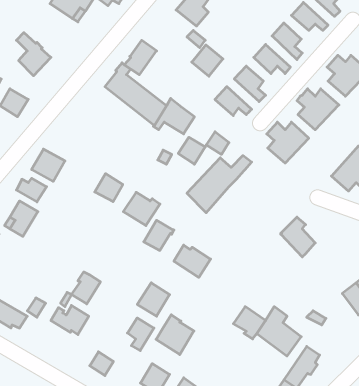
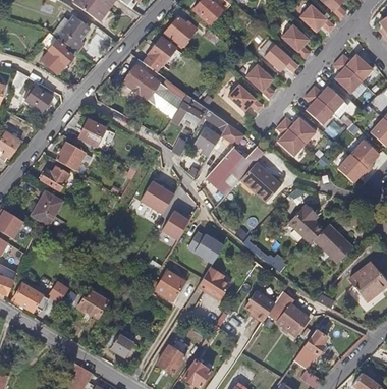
building: none -> [59,18,91,53]
building: [192,45,223,76] -> [164,16,194,46]
building: none -> [241,161,281,197]
building: [95,174,123,202] -> [79,119,106,146]
building: none -> [314,224,353,264]
building: [71,272,100,304] -> none
building: [156,315,194,355] -> [199,263,234,300]
building: [127,318,154,351] -> none

